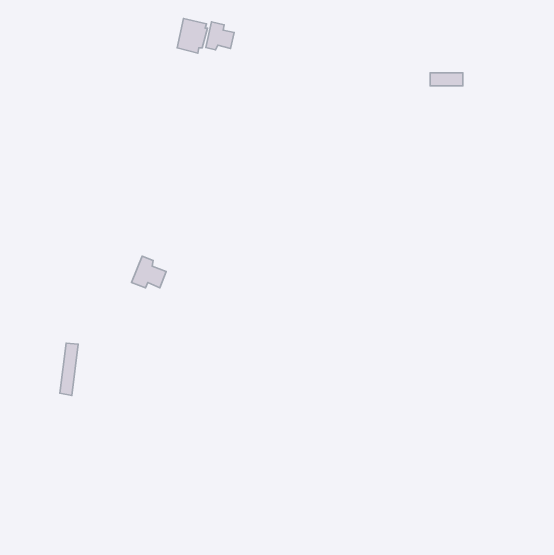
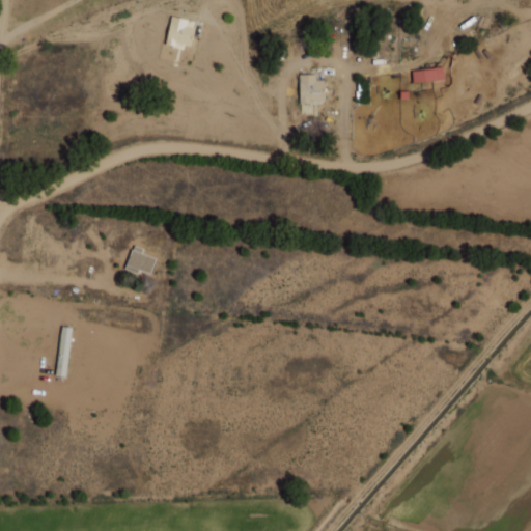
building: [206,22,234,50] -> none
building: none -> [297,74,324,104]

